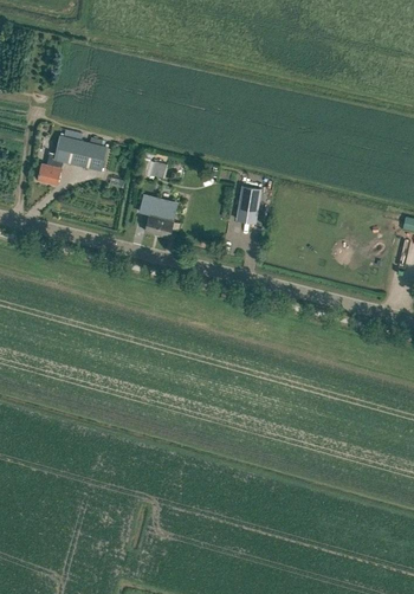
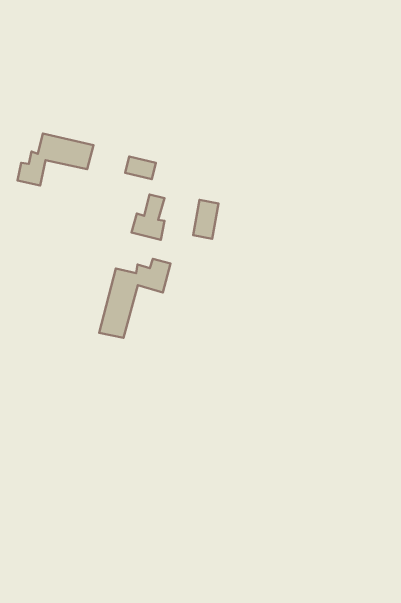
building: [237,188,260,225] -> [193,200,218,239]
building: none -> [99,259,170,338]

